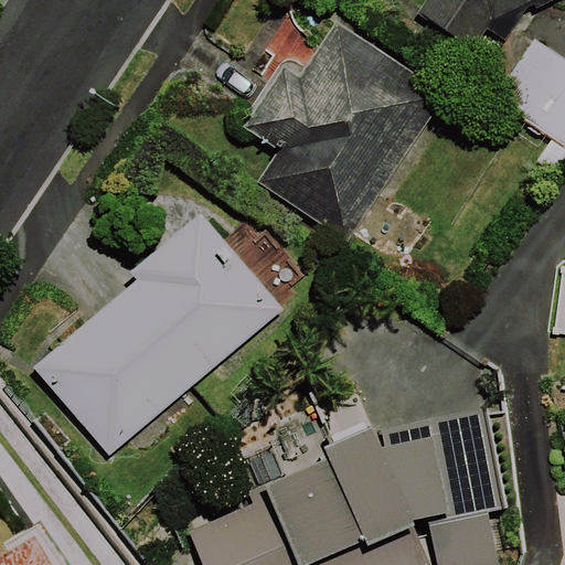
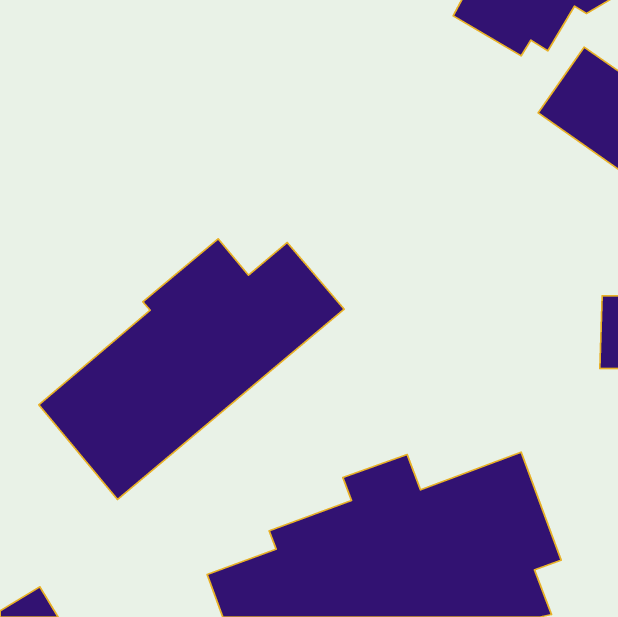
building: [243,25,439,238] -> none

